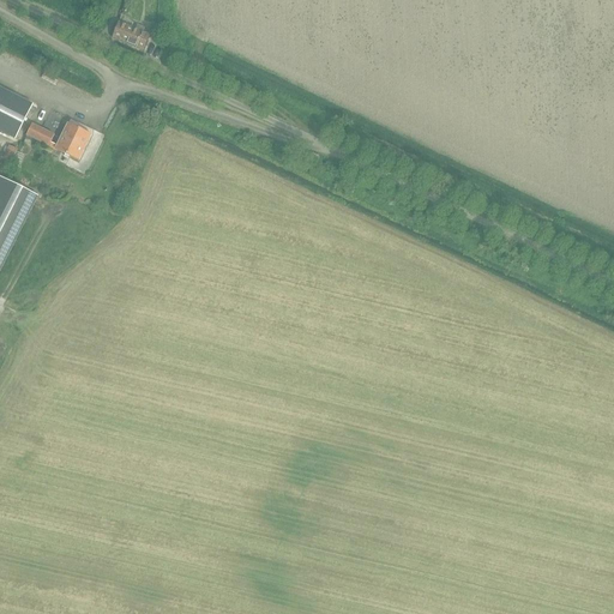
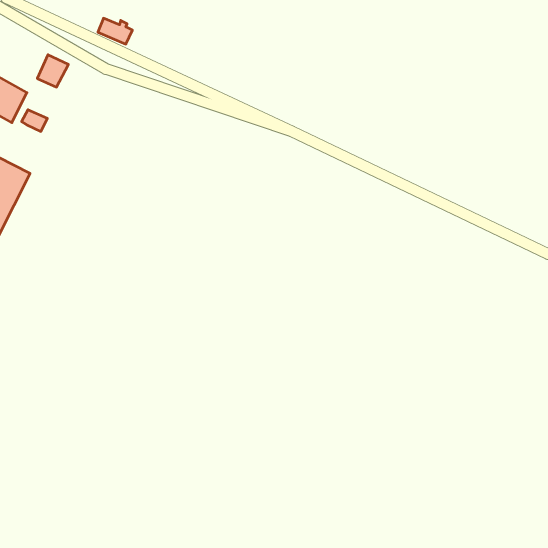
building: [54,121,89,157] -> [37,55,68,87]

